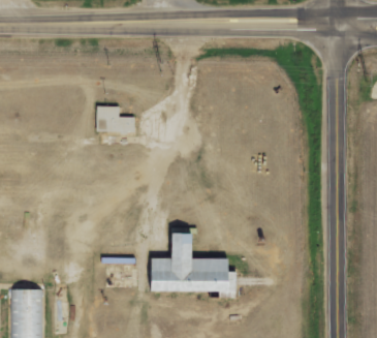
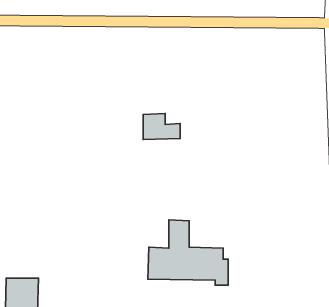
building: [96,105,134,132] -> [143,113,180,140]

